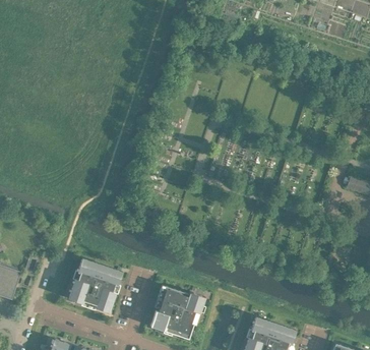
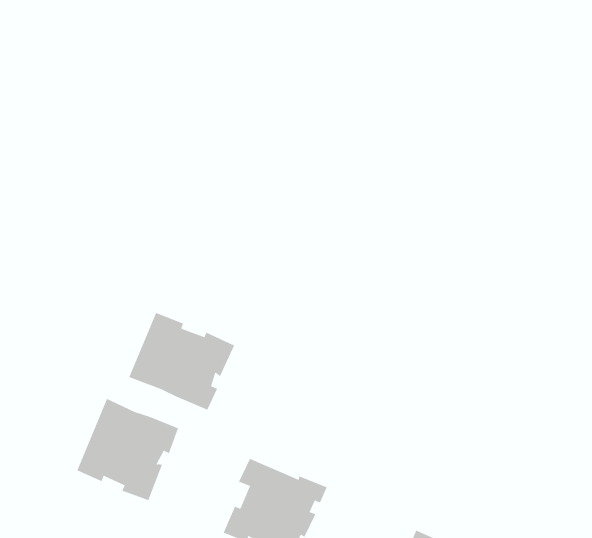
building: none -> [128,312,235,411]

